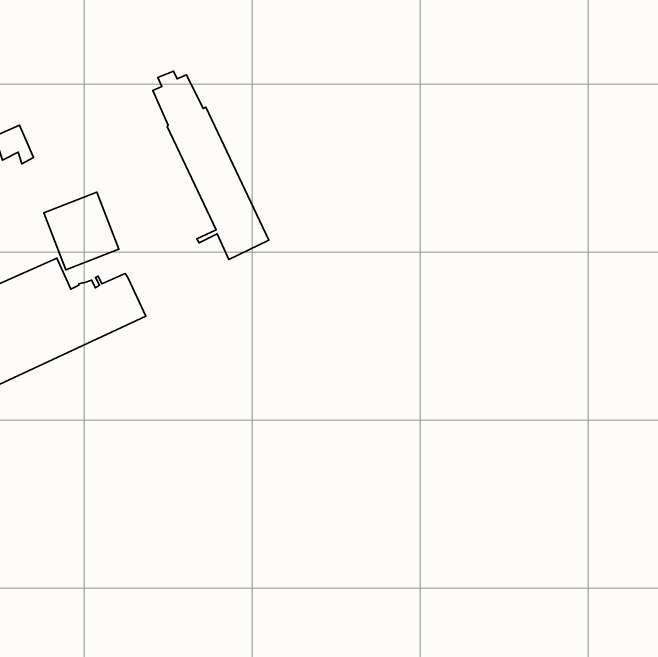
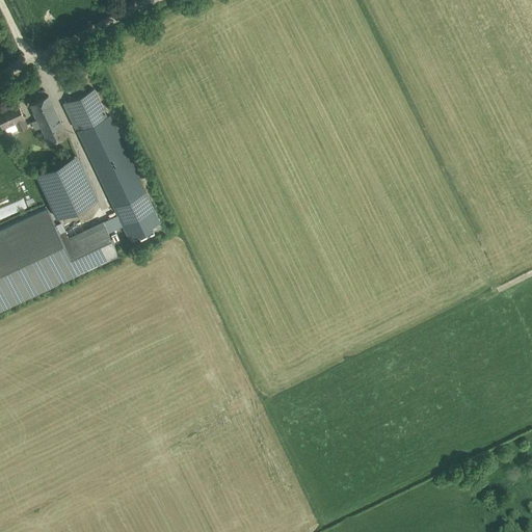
building: [153,71,269,260] -> [65,87,159,239]
building: none -> [28,97,66,145]

